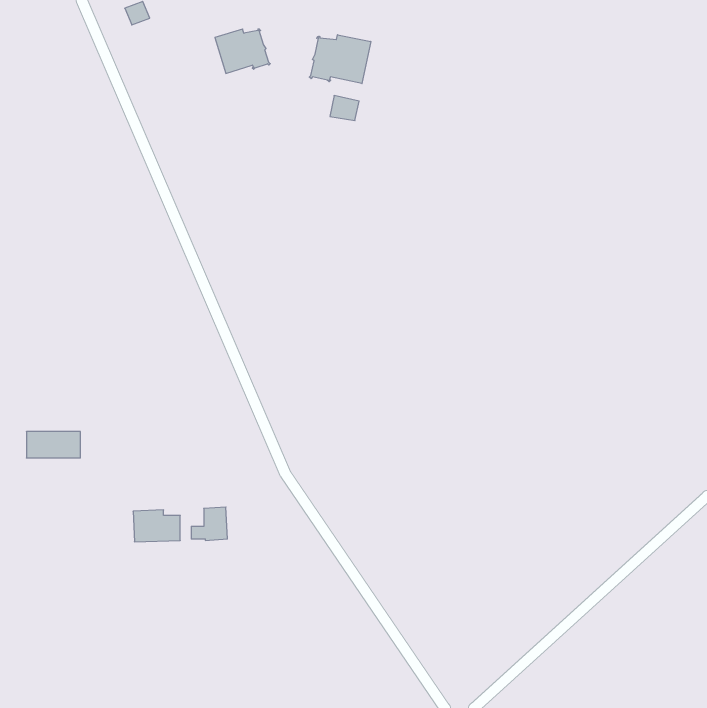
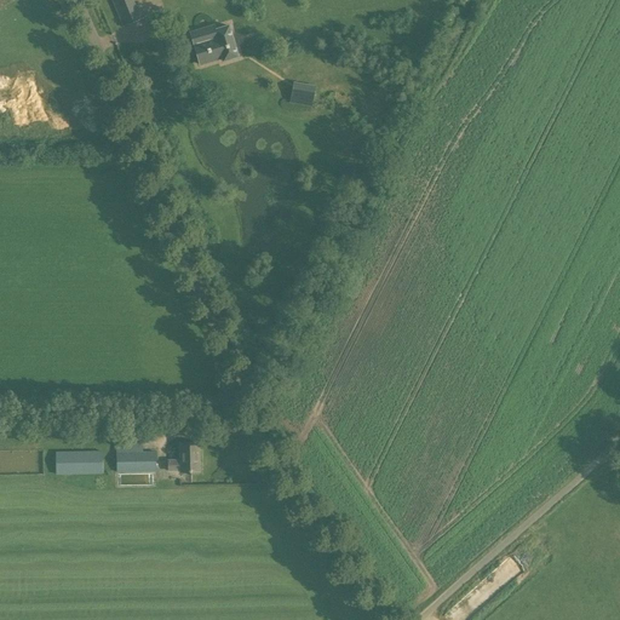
building: [309,35,371,84] -> none
building: [26,432,80,458] -> [57,450,104,473]

